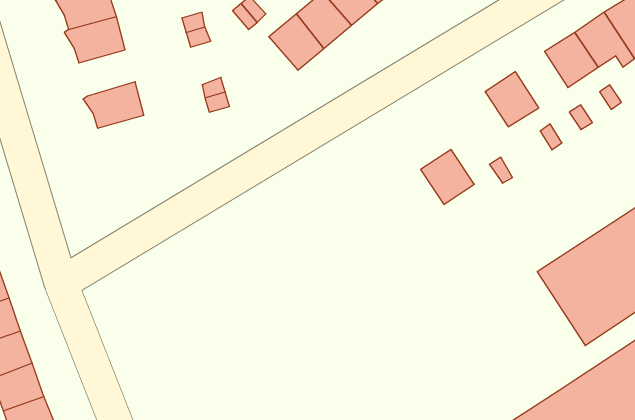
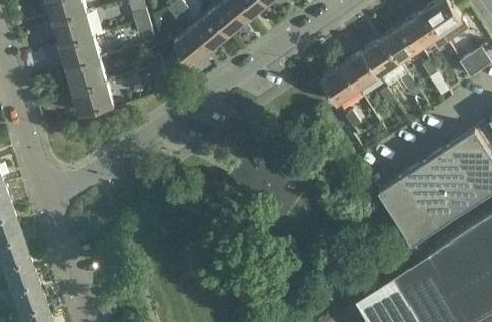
building: none -> [173,28,212,67]
building: none -> [57,37,100,69]
building: none -> [363,38,399,77]
building: none -> [70,83,113,116]
building: [421,149,474,204] -> [321,66,358,105]

